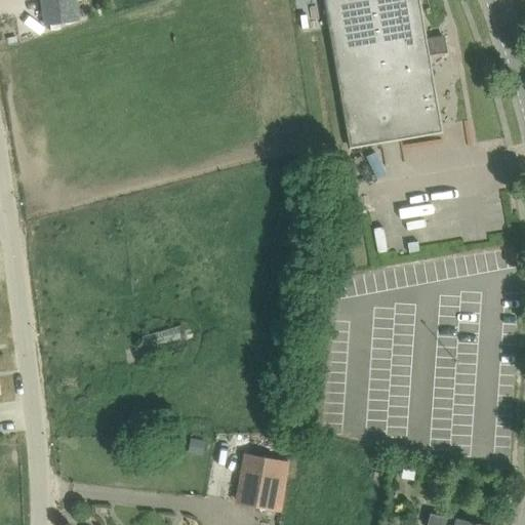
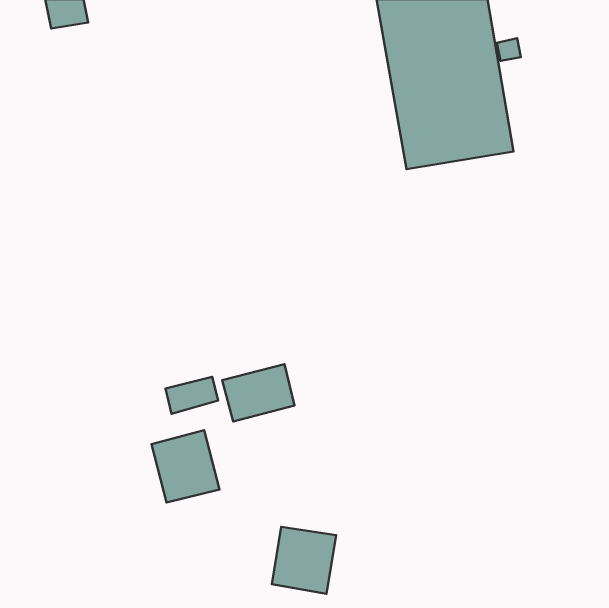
building: none -> [222,364,294,421]
building: none -> [151,430,219,503]

